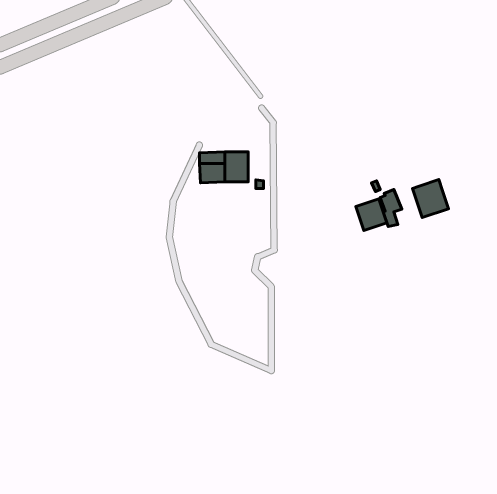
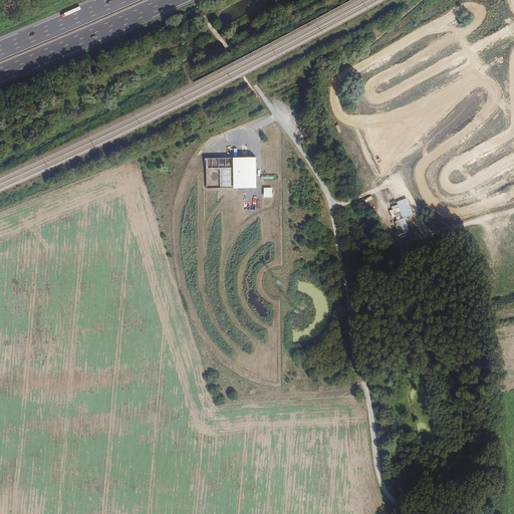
building: [412,180,449,218] -> none
building: [356,199,387,230] -> none

